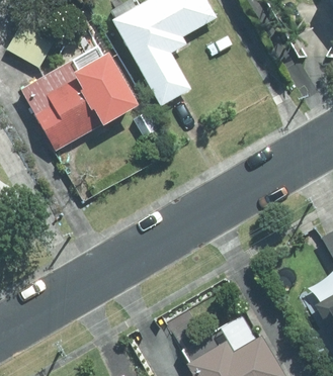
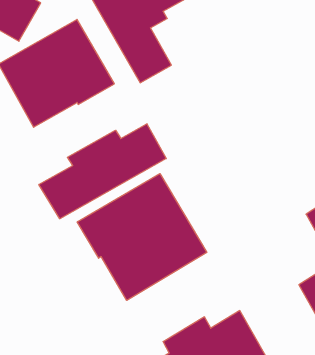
building: none -> [39,124,166,219]
building: none -> [77,174,207,300]

